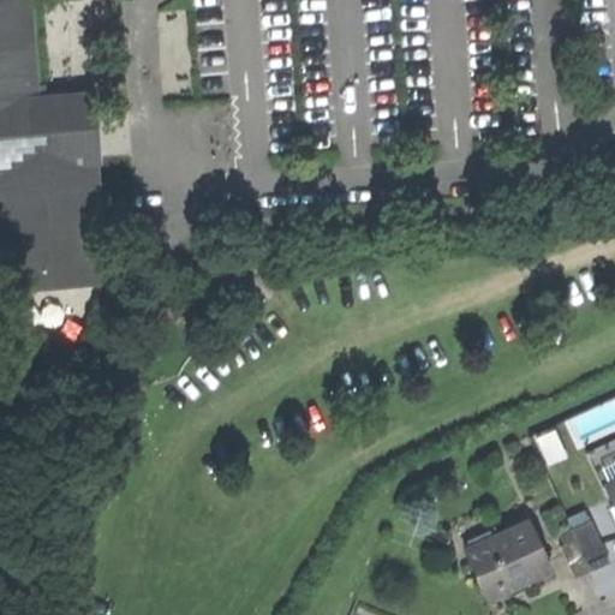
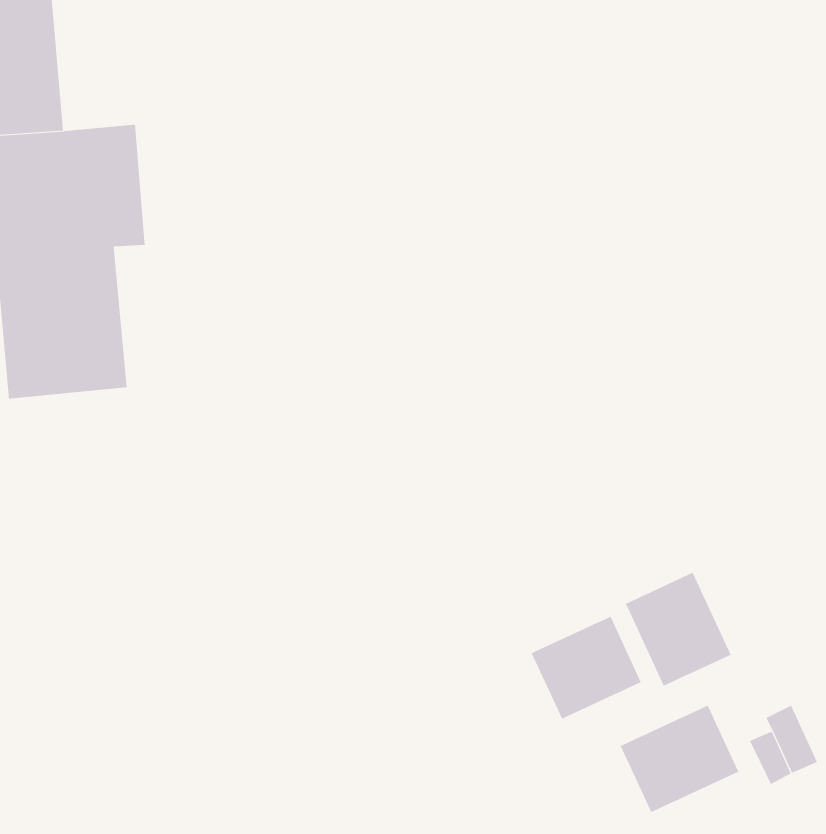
building: none -> [625,572,731,686]
building: none -> [531,616,642,719]

